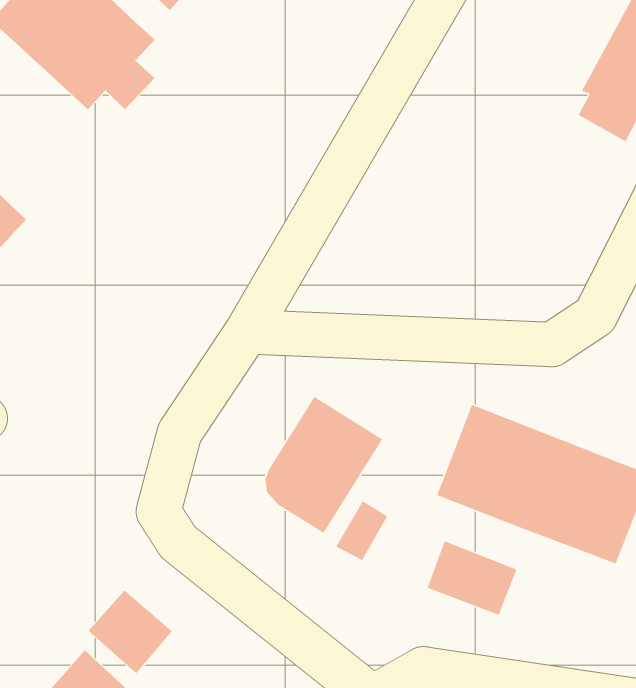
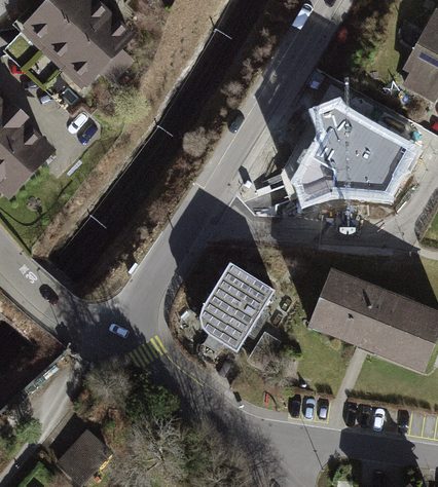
building: none -> [294,102,412,200]
building: [427,540,518,616] -> none
building: [88,590,173,674] -> none

